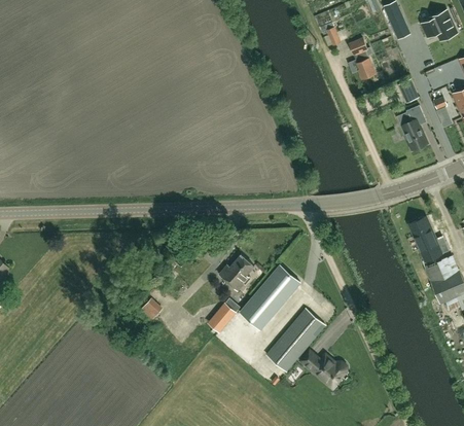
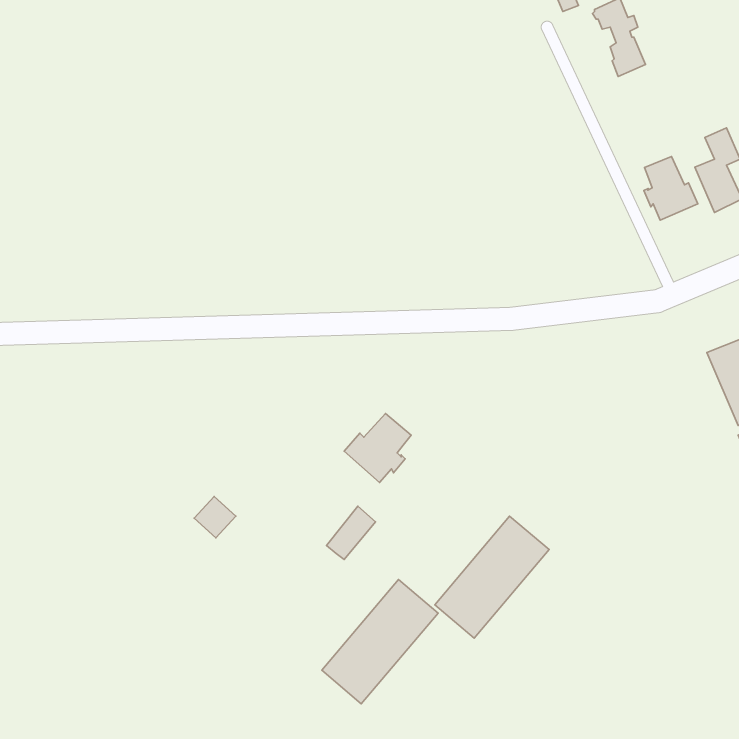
building: none -> [644,157,698,220]
building: [240,264,300,329] -> [322,580,438,704]
building: [301,351,346,384] -> none

